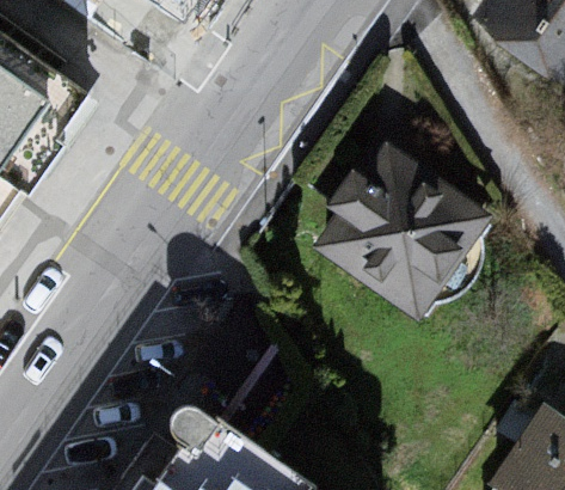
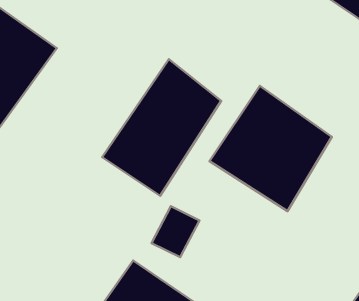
building: none -> [102,59,221,196]

